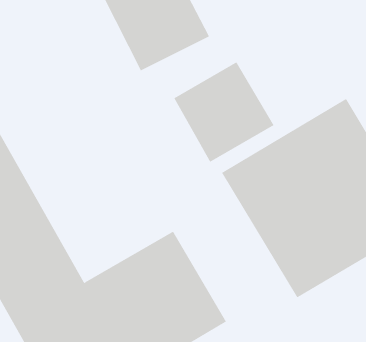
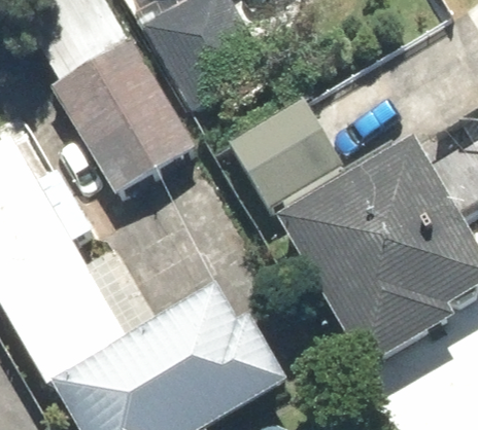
building: none -> [54,39,191,188]

